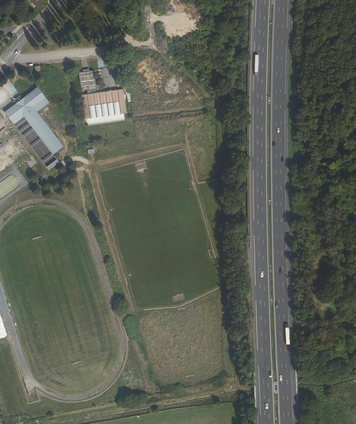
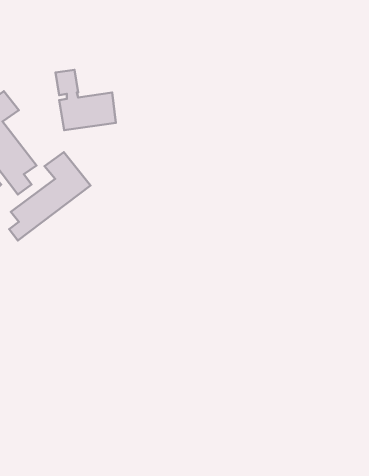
building: none -> [9,152,91,240]

